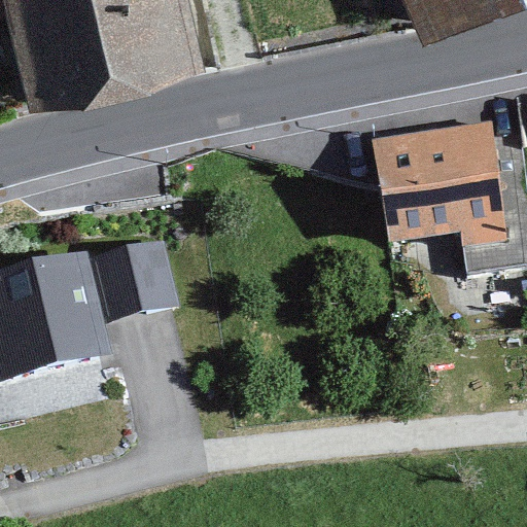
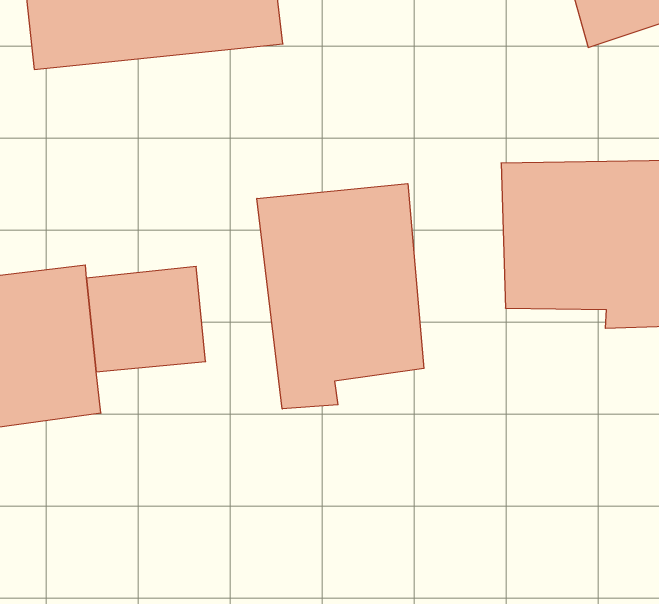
building: none -> [257,184,424,409]

